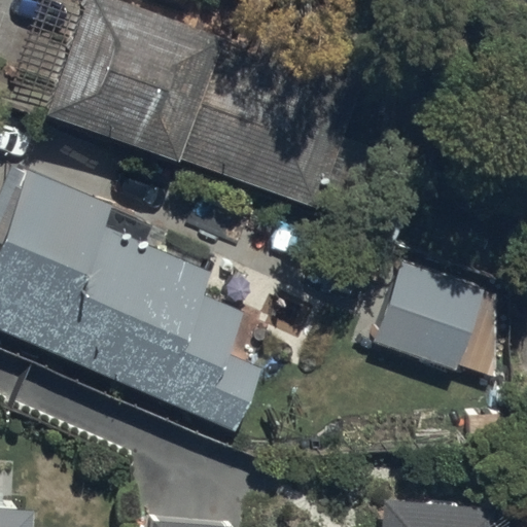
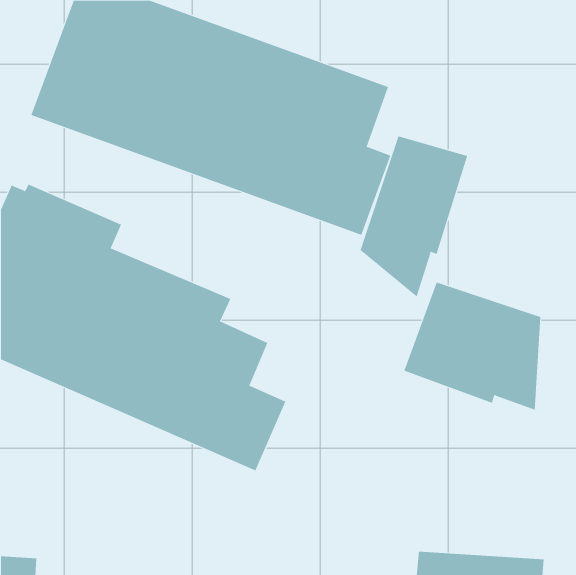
building: none -> [360,135,468,297]

